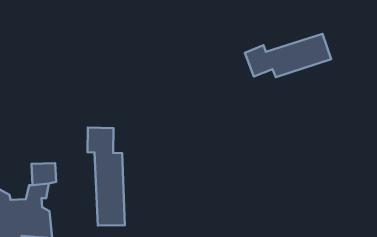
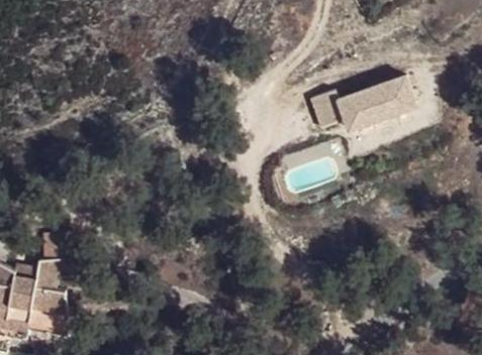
building: [88,127,125,225] -> none

